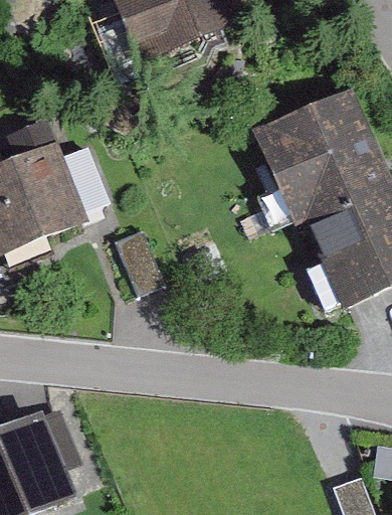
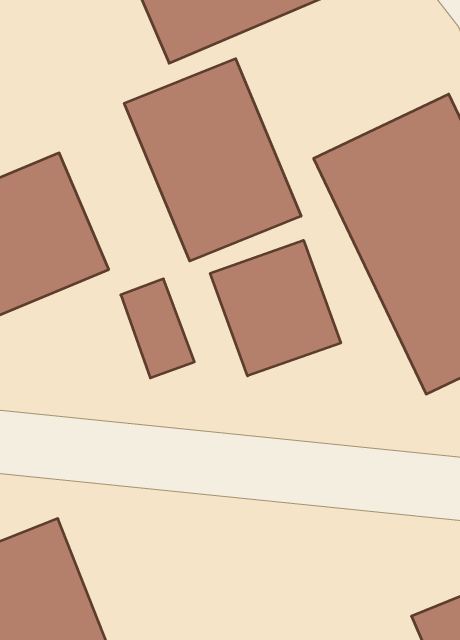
building: none -> [124,59,301,261]
building: none -> [210,240,341,376]

